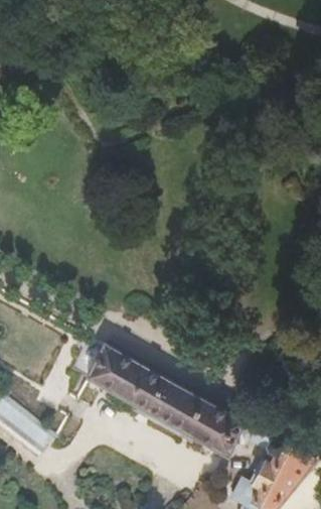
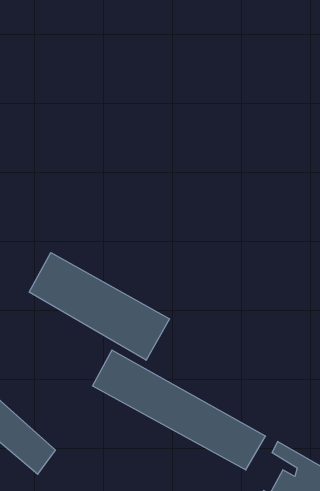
building: none -> [29,253,170,360]

